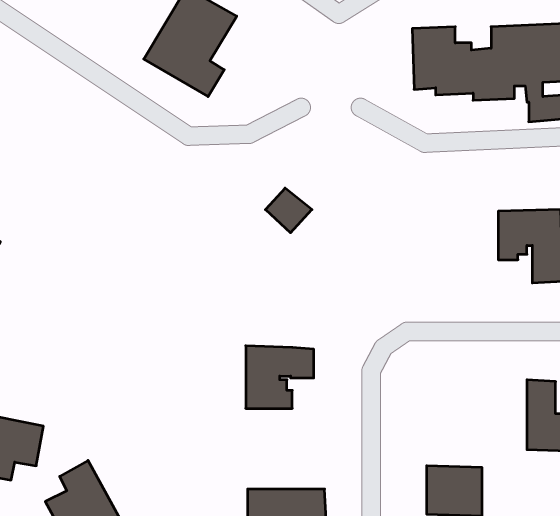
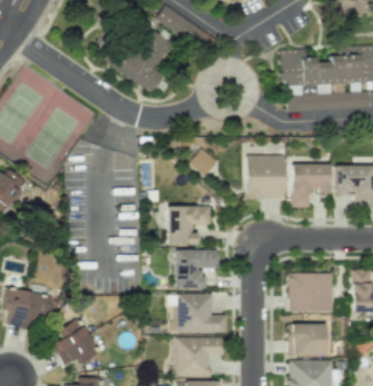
building: none -> [246,154,284,197]
building: none -> [291,162,328,206]
building: none -> [169,204,213,243]
building: none -> [288,271,333,310]
building: none -> [179,293,228,330]

